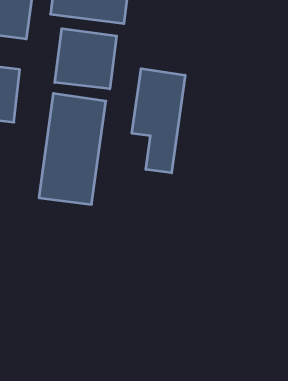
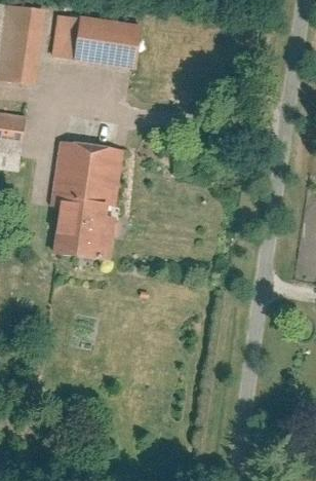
building: [55,29,117,89] -> none
building: [132,69,185,173] -> none

